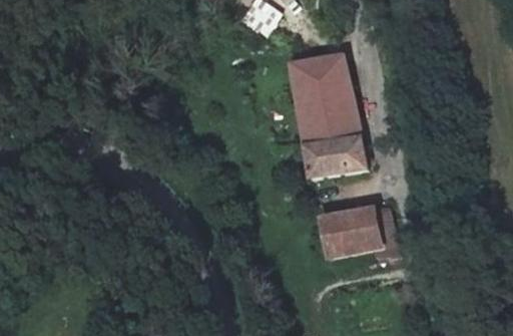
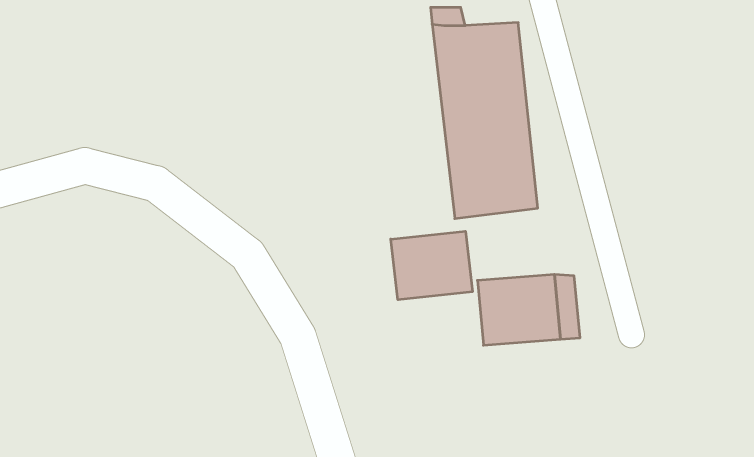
building: none -> [391,231,472,300]

